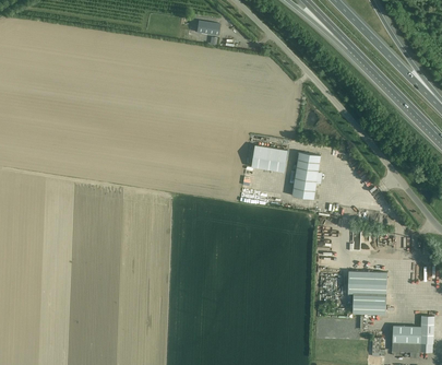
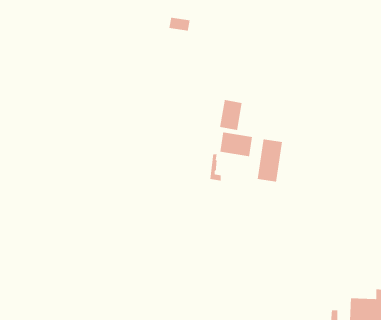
building: none -> [220,99,242,131]
building: [347,272,386,315] -> none

